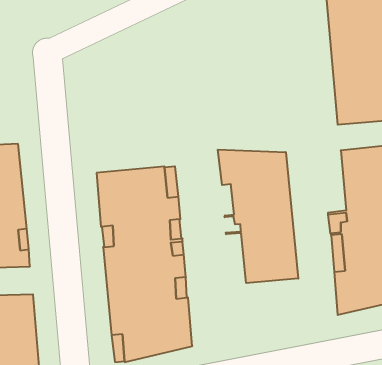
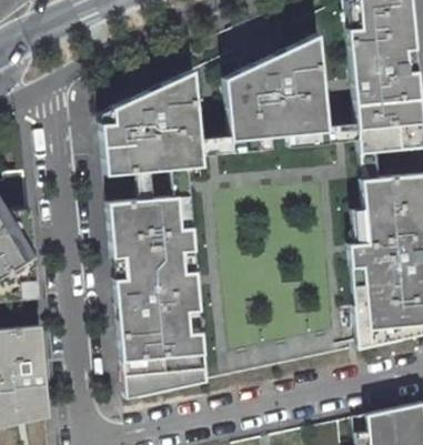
building: none -> [223,36,328,141]
building: none -> [101,71,203,175]
building: [218,150,298,283] -> none

